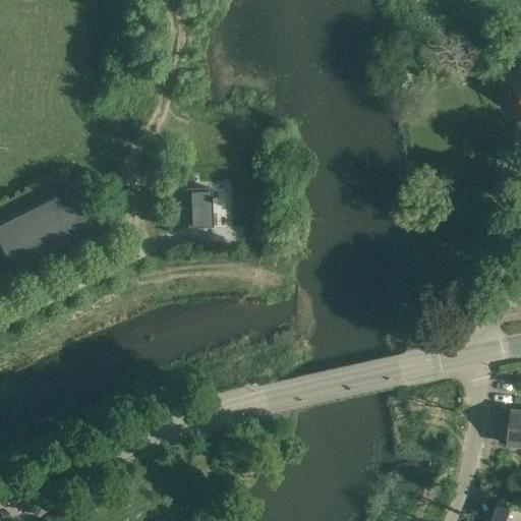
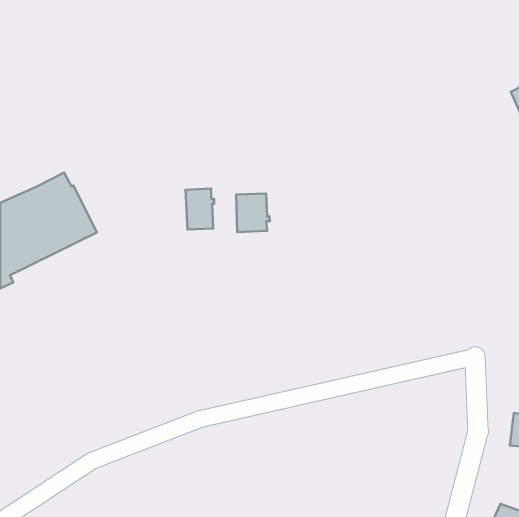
building: none -> [236,193,270,232]

